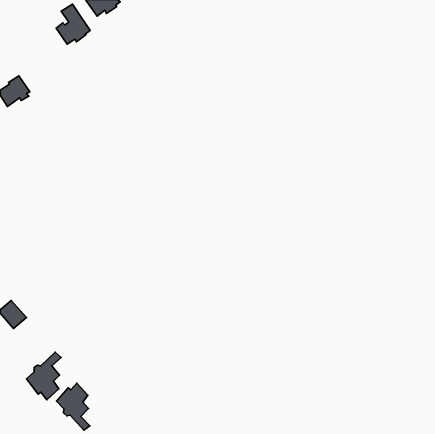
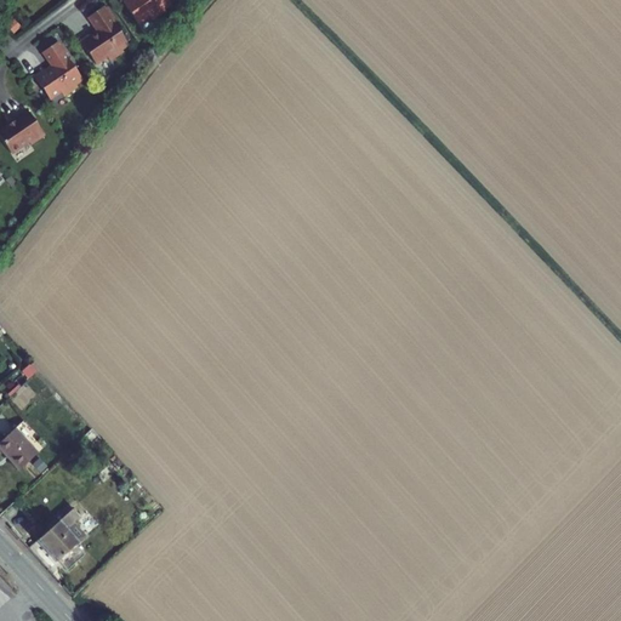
building: none -> [34,41,82,98]
building: [56,383,90,430] -> none

